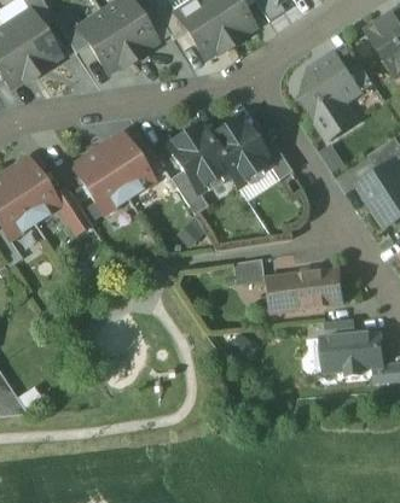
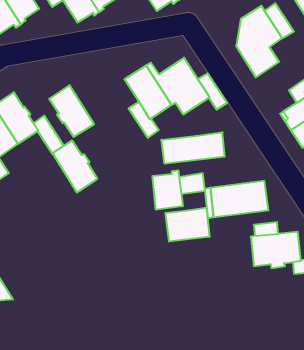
building: [97,134,152,198] -> [52,141,97,192]
building: none -> [161,132,225,164]
building: none -> [152,170,183,210]
building: none -> [166,208,210,242]

